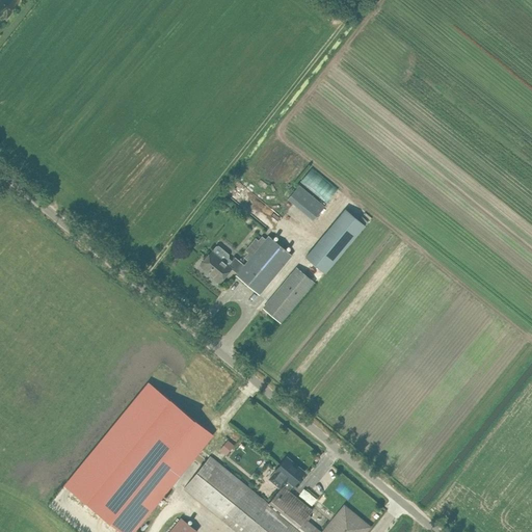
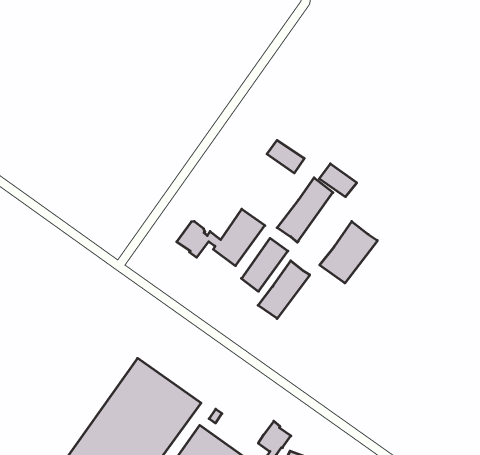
building: [286,185,324,220] -> [319,164,357,197]
building: none -> [320,221,377,283]
building: none -> [258,261,310,319]

